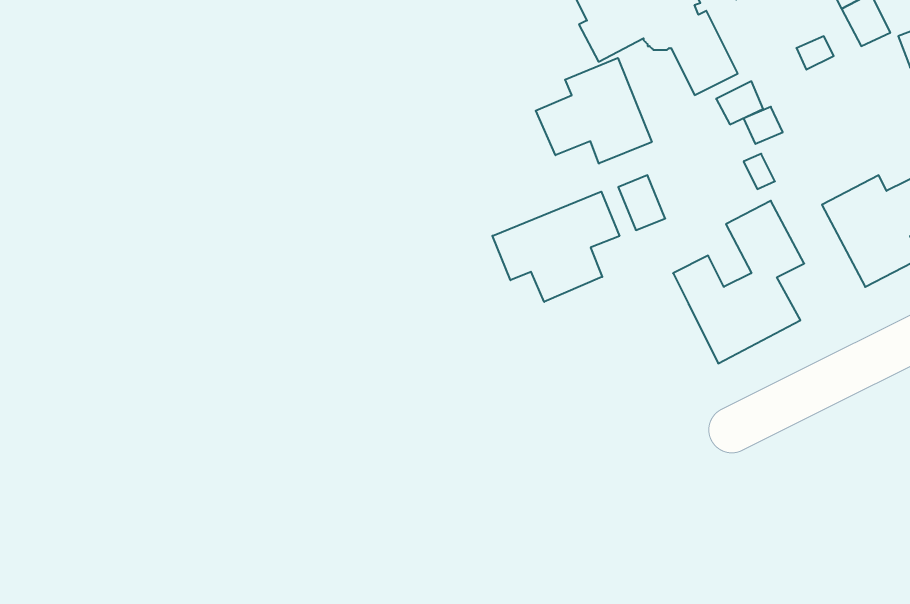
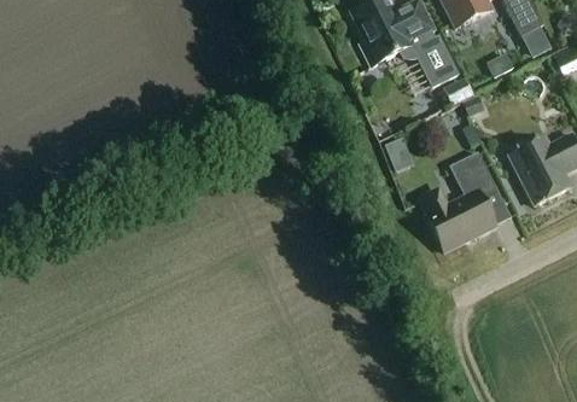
building: [536,58,652,164] -> none
building: [492,192,619,302] -> none

